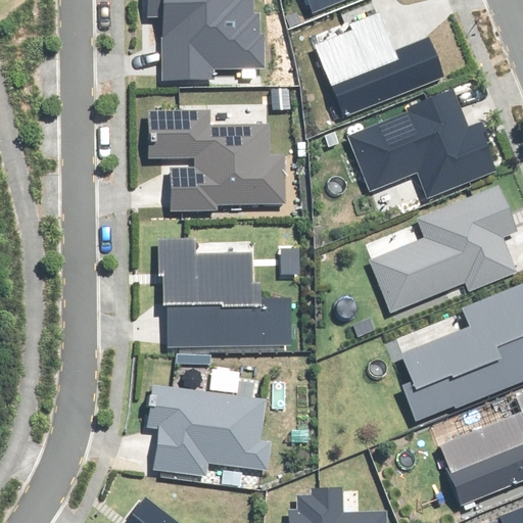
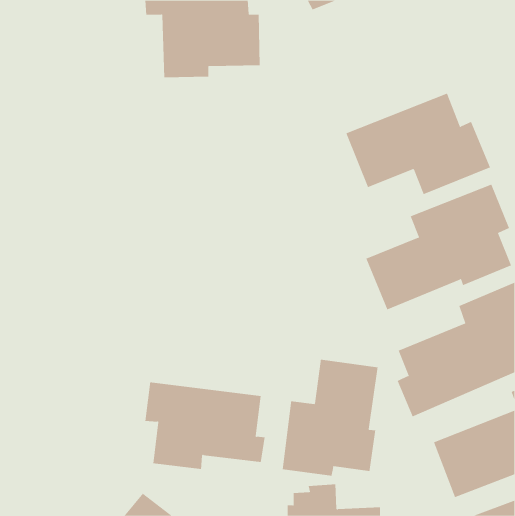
building: [316,19,441,113] -> none
building: [147,109,284,209] -> none
building: [156,241,291,347] -> none
building: none -> [282,359,378,476]

